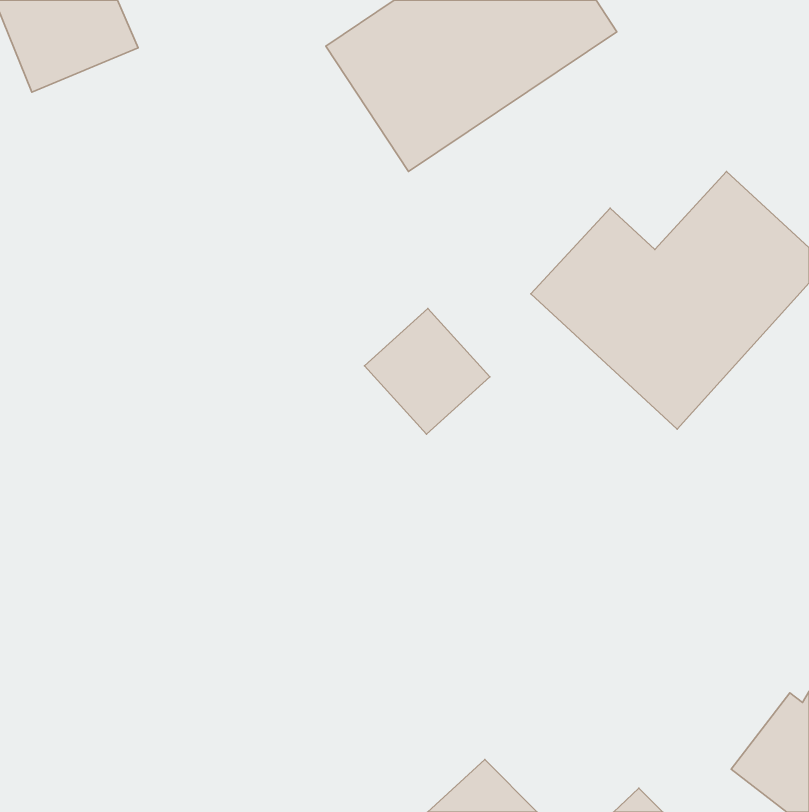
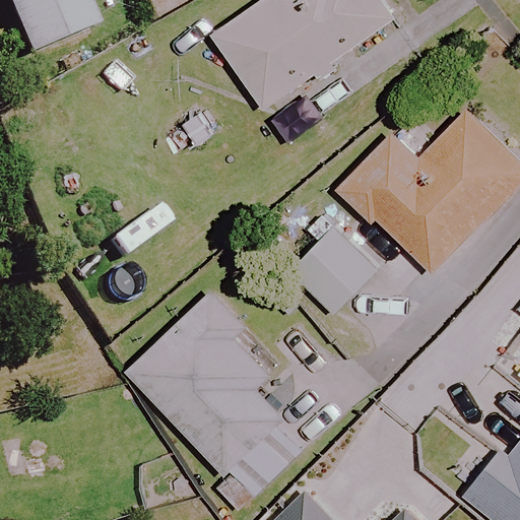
building: [364,309,490,434] -> [299,228,379,308]
building: none -> [128,291,288,513]

